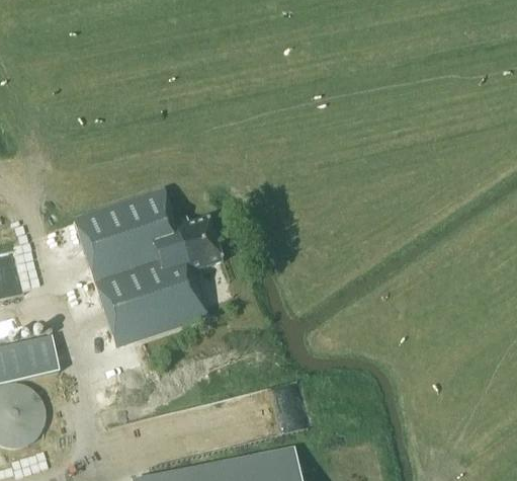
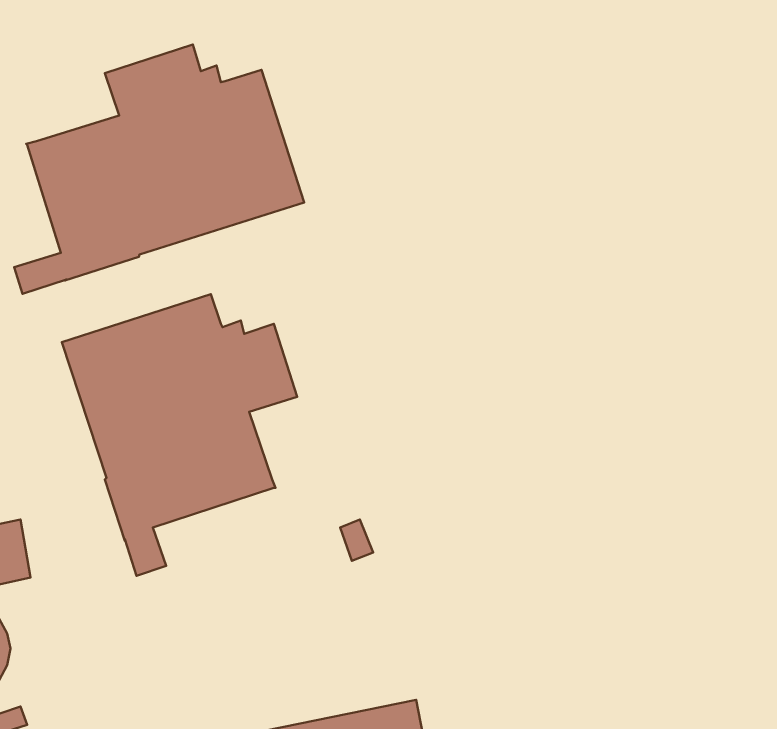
building: none -> [14,45,304,294]

